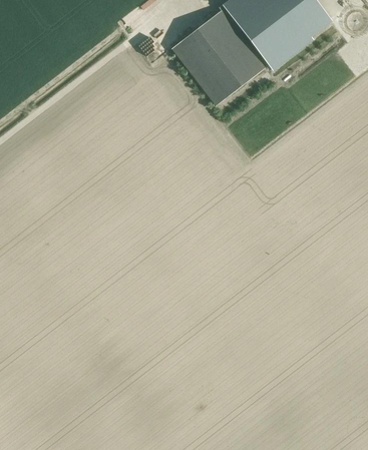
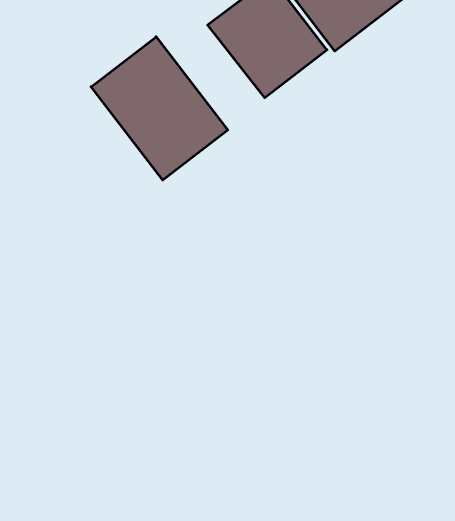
building: none -> [91,37,228,180]

